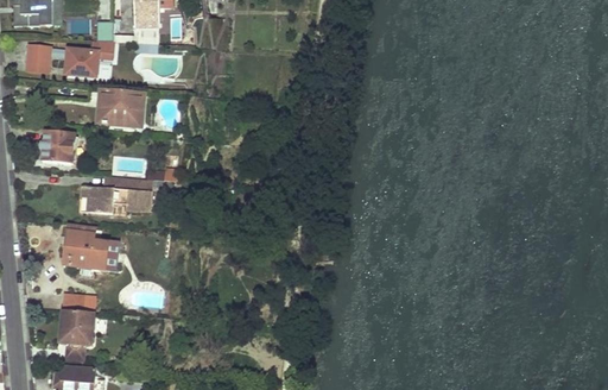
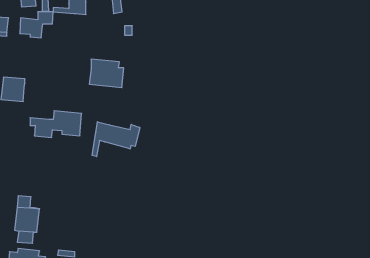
building: [96,87,144,126] -> [89,59,124,88]
building: none -> [92,122,140,157]
building: [62,225,118,270] -> none

